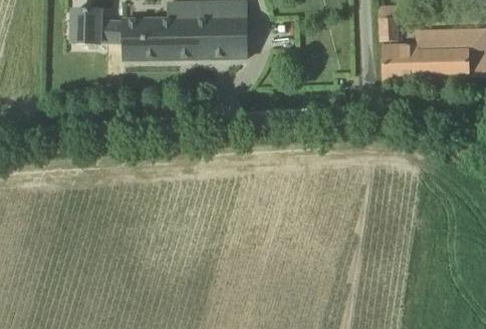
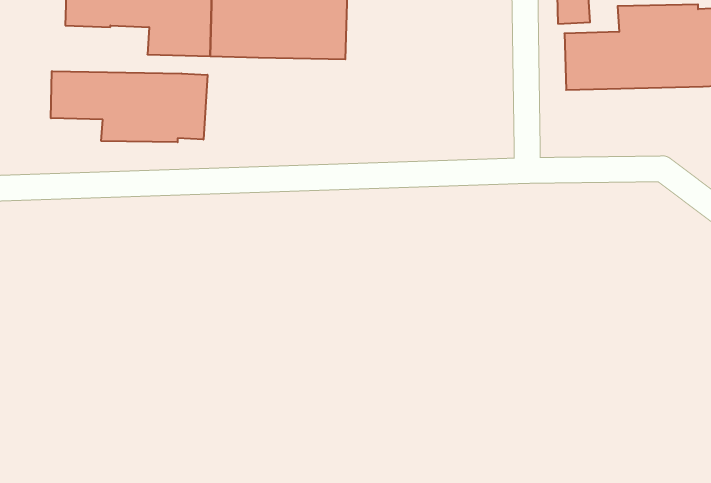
building: none -> [51,71,207,142]

